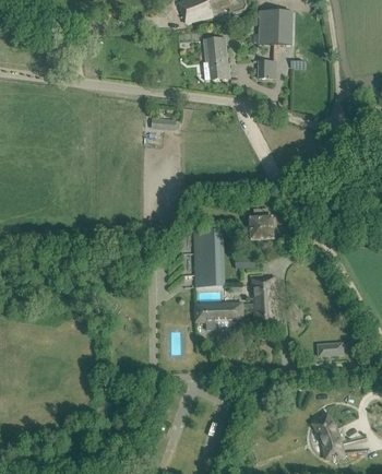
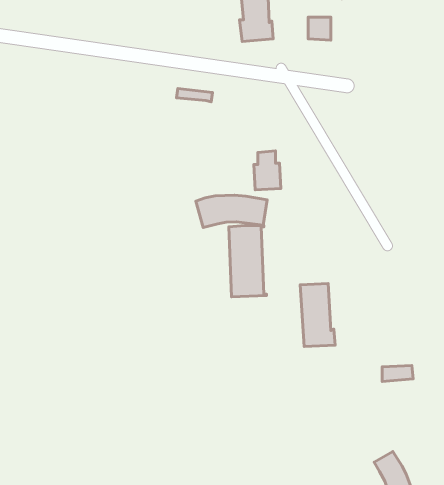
building: none -> [196,195,267,228]
building: [251,208,273,239] -> [254,151,281,190]
building: [196,303,242,330] -> none

